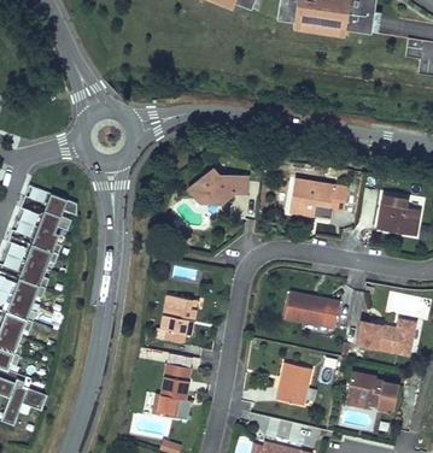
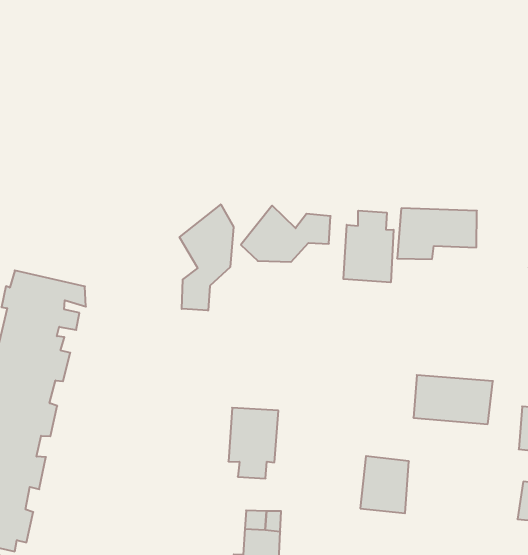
building: none -> [180,204,234,311]
building: none -> [343,211,394,282]
building: [274,361,310,402] -> [360,456,409,513]

